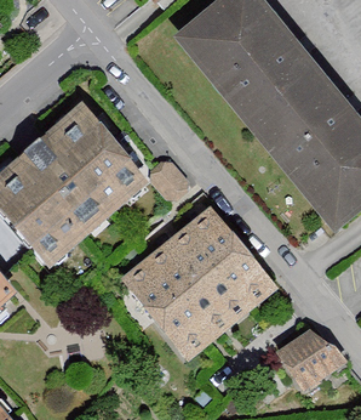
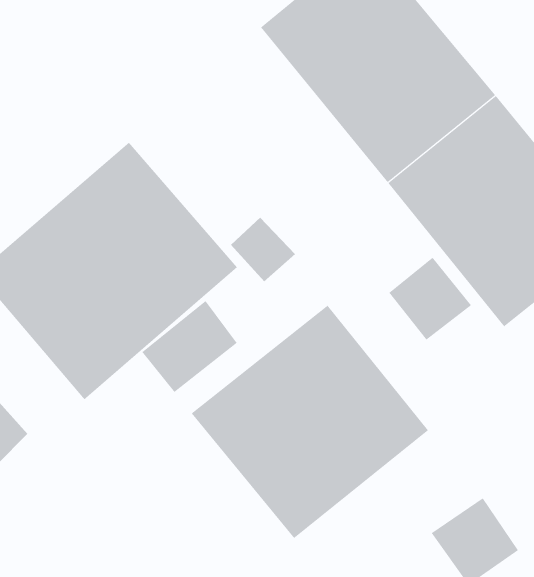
building: none -> [389,257,472,340]
building: none -> [141,300,238,393]

